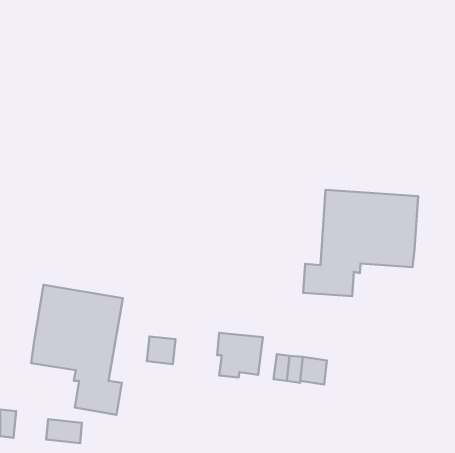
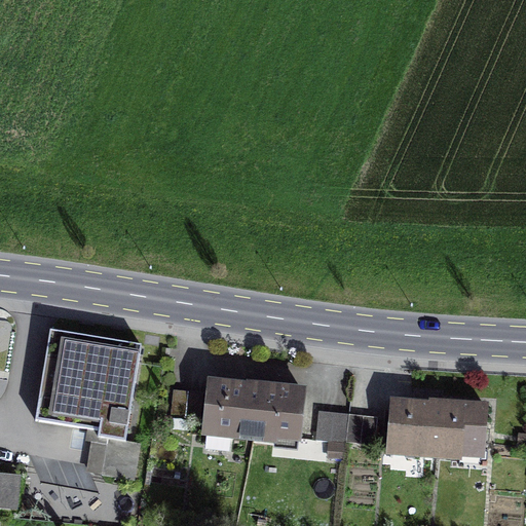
building: [303,190,418,296] -> none
building: none -> [203,382,256,448]
building: none -> [389,401,486,453]

